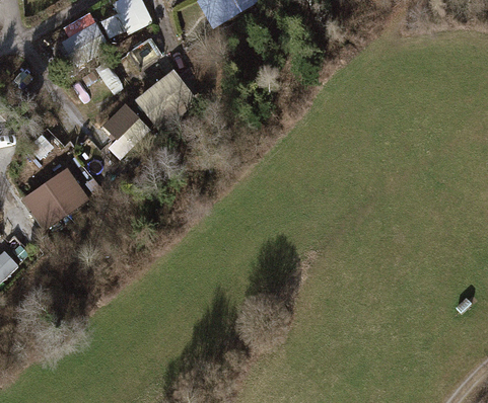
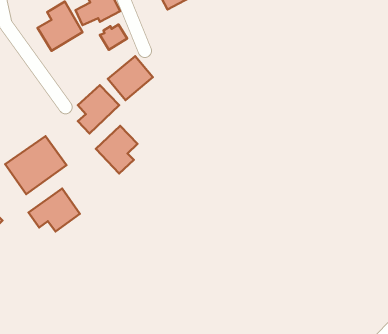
building: none -> [96,126,138,174]
building: none -> [28,189,80,232]

